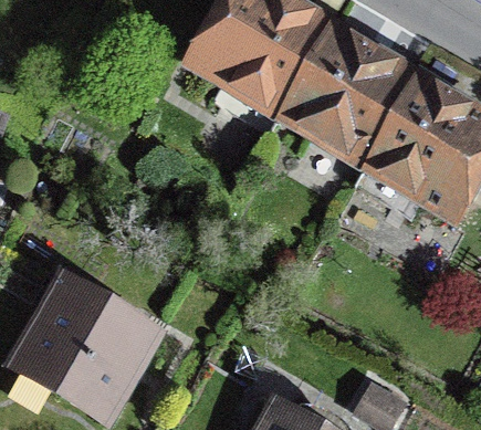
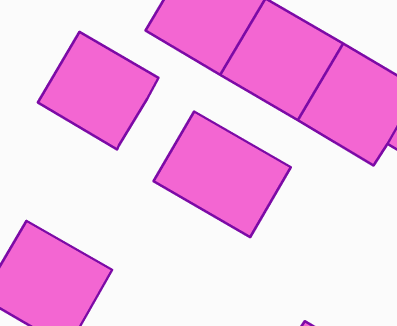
building: none -> [38,32,158,150]
building: none -> [153,111,291,237]

